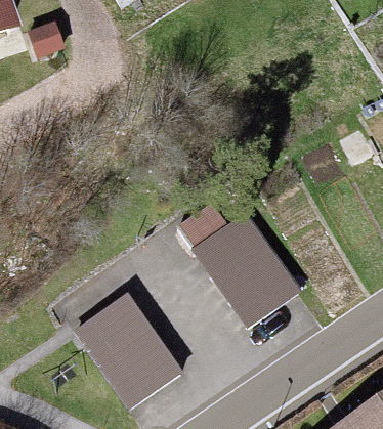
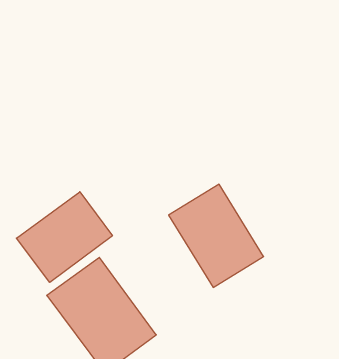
building: none -> [16,192,112,282]

